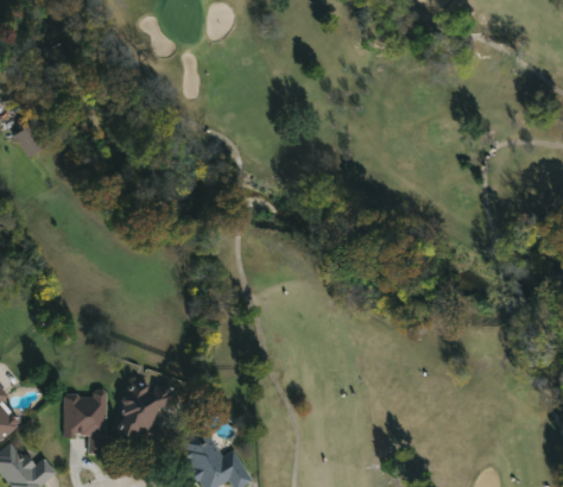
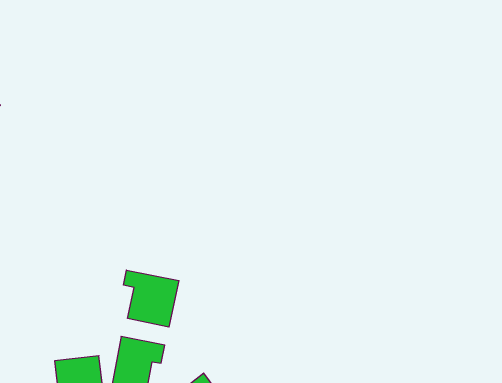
building: none -> [124,270,179,327]

